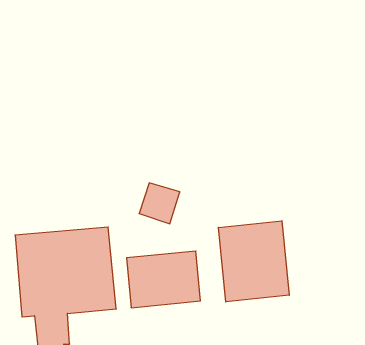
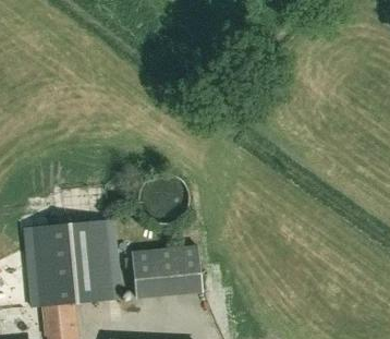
building: [218,221,289,302] -> none

